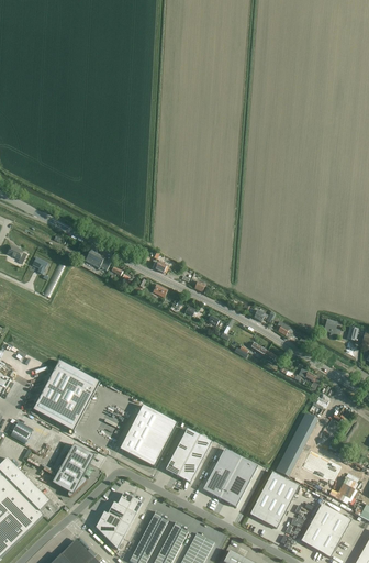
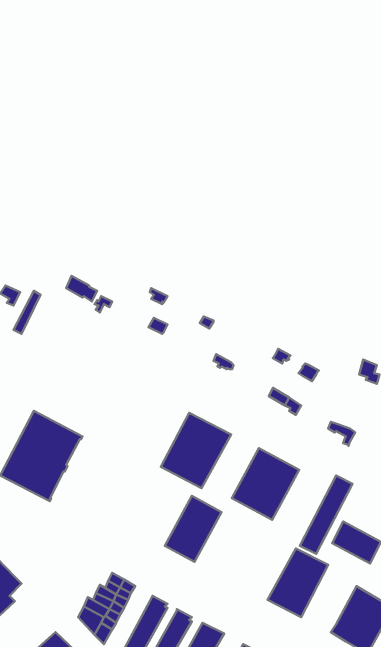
building: [119,405,176,466] -> [161,413,231,488]
building: [52,442,93,495] -> none
building: [203,449,258,507] -> [232,448,299,520]

